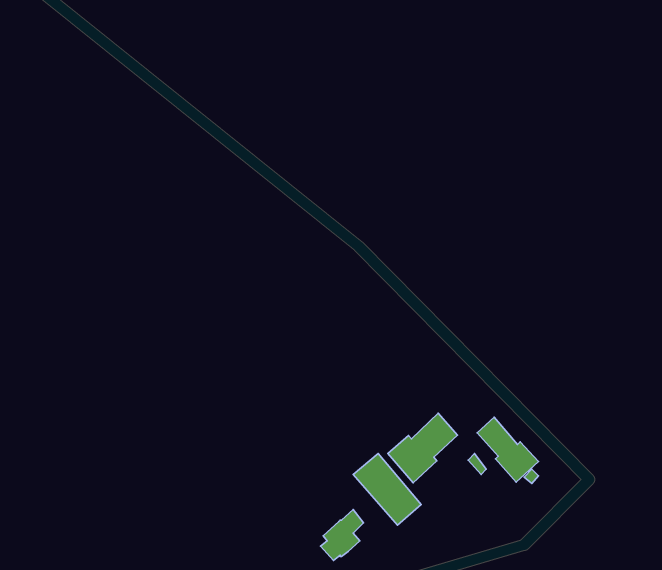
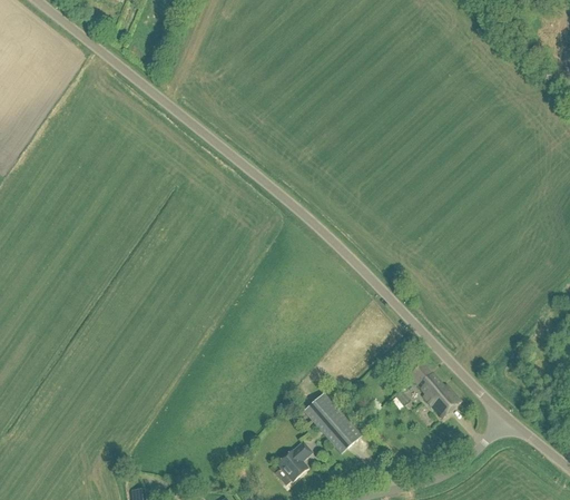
building: [388,413,458,483] -> none

